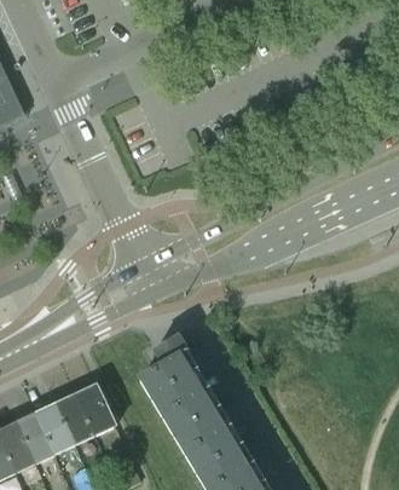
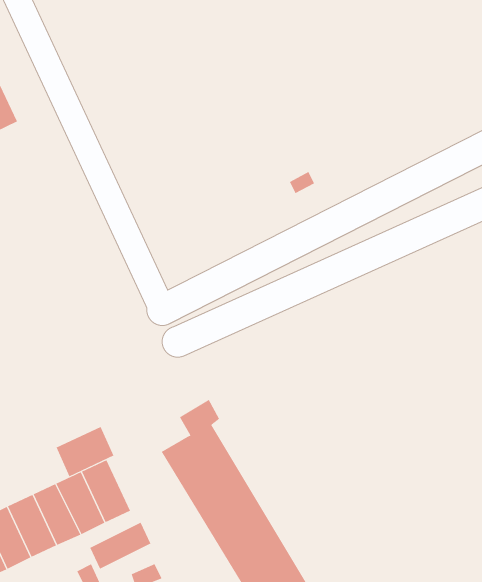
building: none -> [56,426,114,477]
building: none -> [90,522,151,570]

